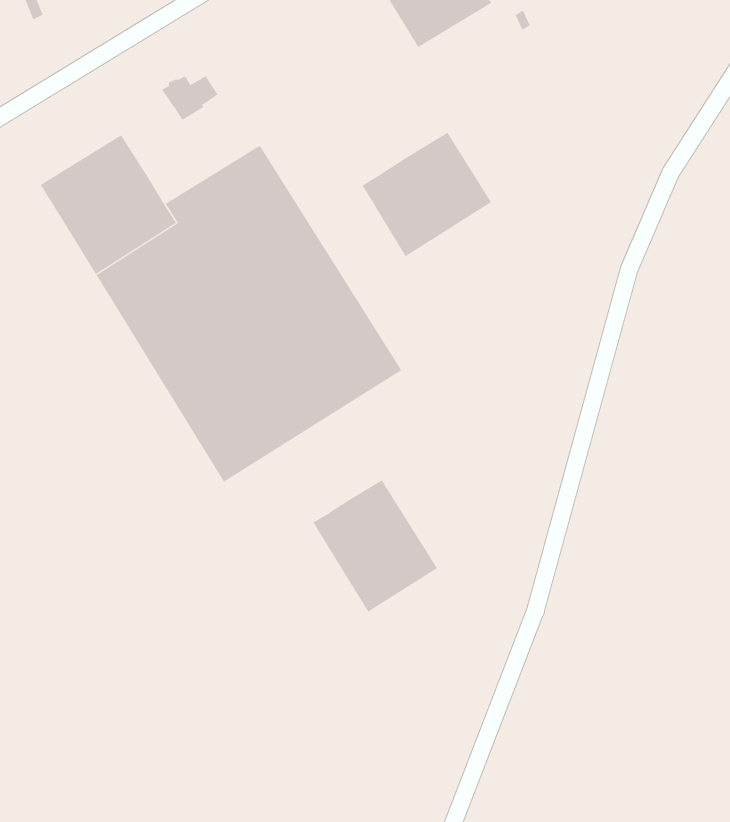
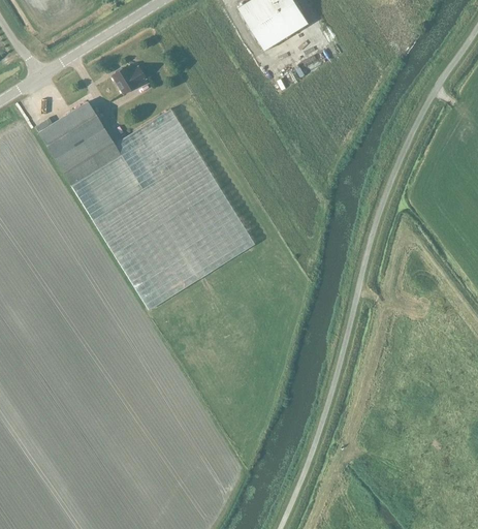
building: [362,132,492,257] -> none
building: [313,480,438,612] -> none

